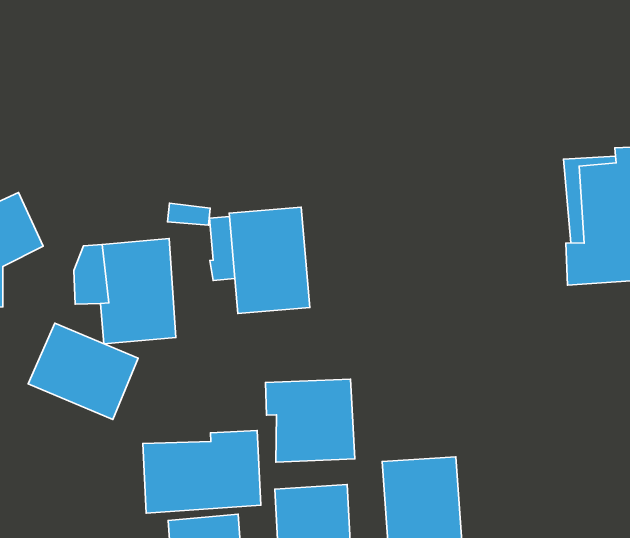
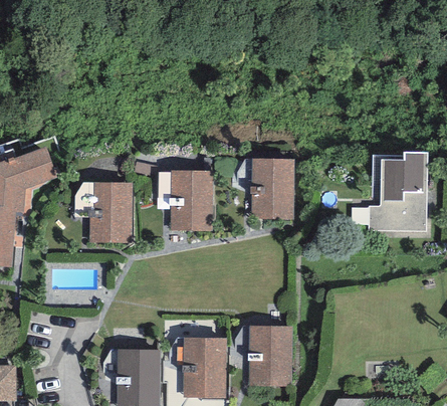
building: none -> [251,158,294,219]
building: [28,323,138,420] -> none
building: [266,379,355,462] -> none
building: [143,430,261,513] -> none

